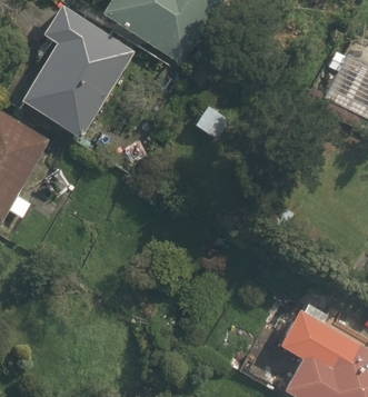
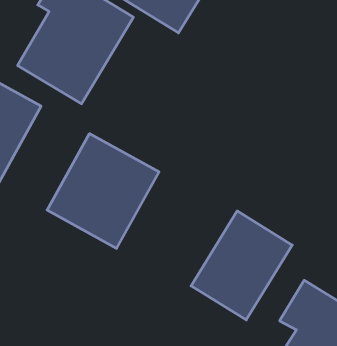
building: none -> [47,134,159,248]
building: none -> [191,211,292,320]

